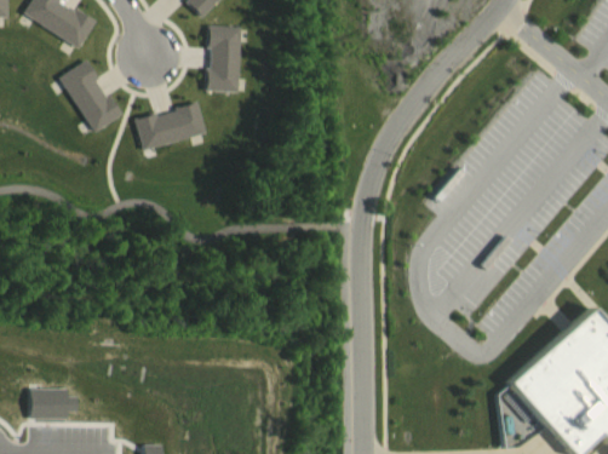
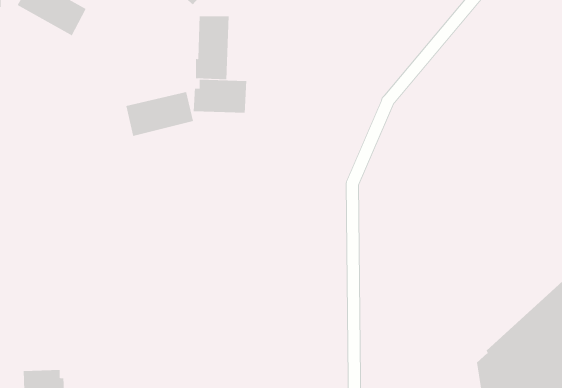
building: [59,61,121,132] -> none
building: none -> [193,79,247,114]

